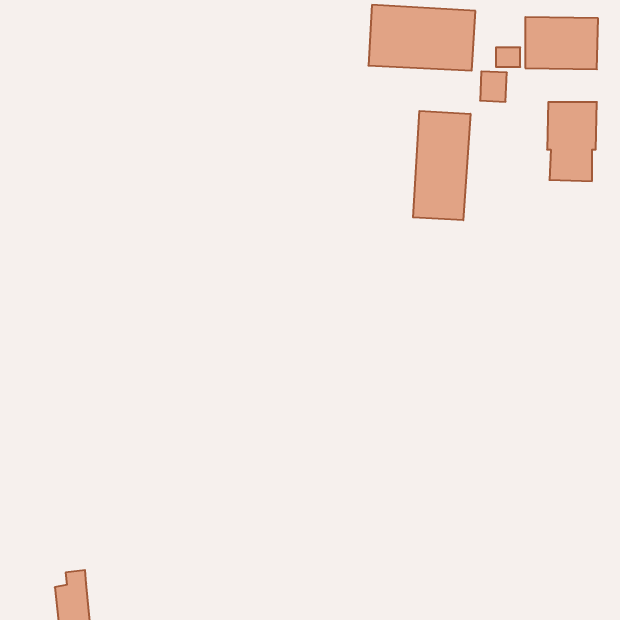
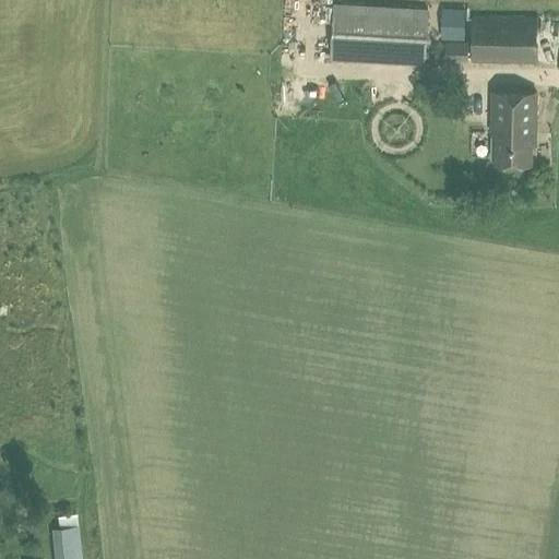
building: [480,71,507,102] -> [440,11,464,38]
building: [413,111,470,220] -> none

